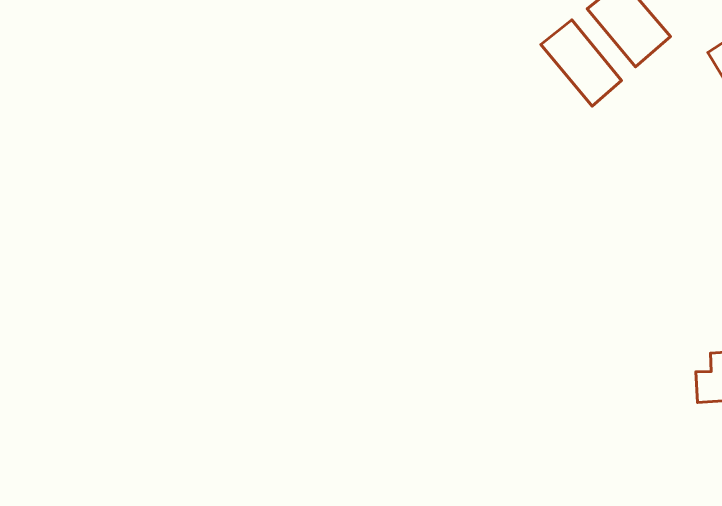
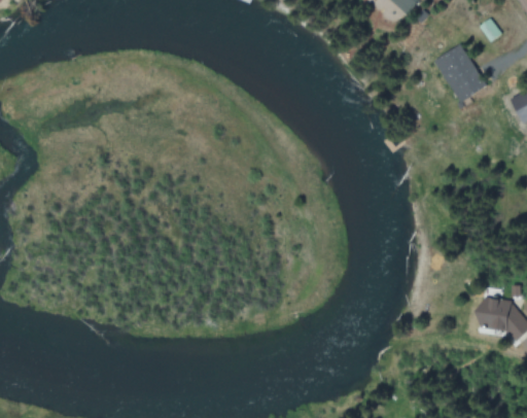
building: [541,20,622,106] -> none

